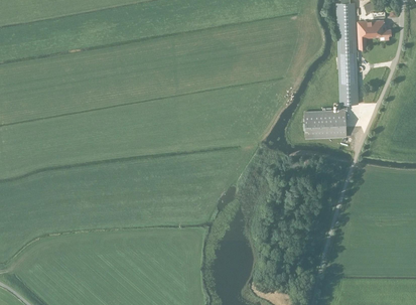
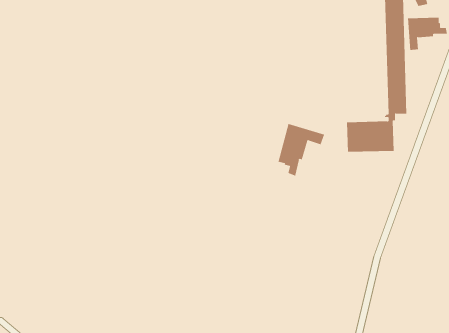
building: none -> [278,123,325,177]

